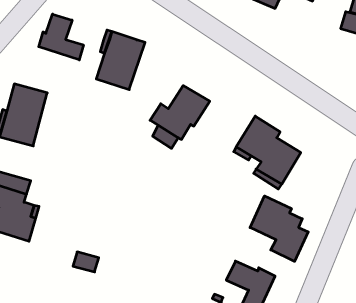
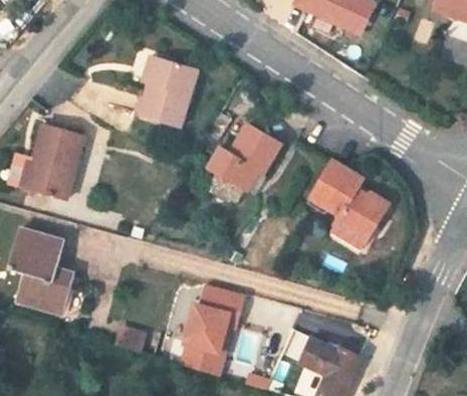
building: [39,14,83,60] -> none
building: [250,196,308,261] -> none
building: none -> [182,284,243,374]

